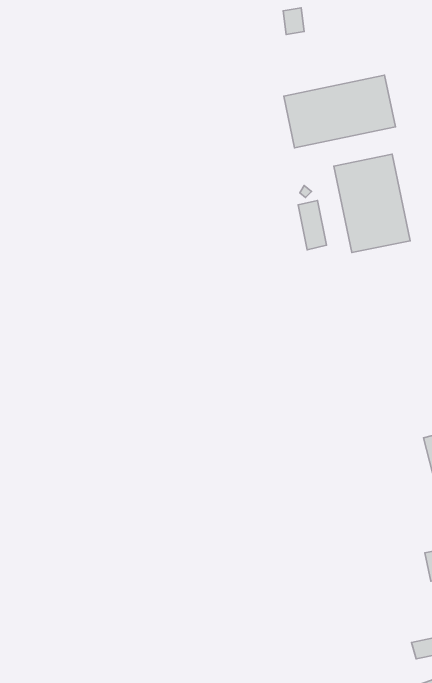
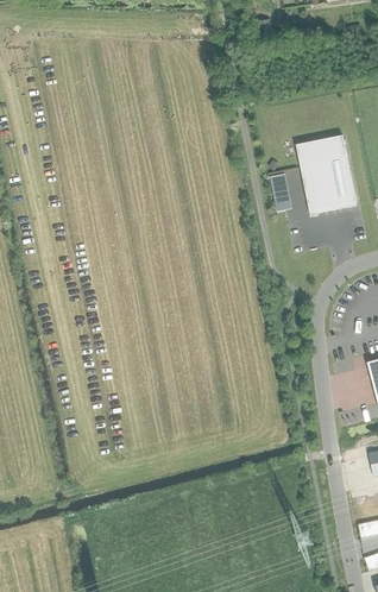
building: [284,75,395,148] -> none

